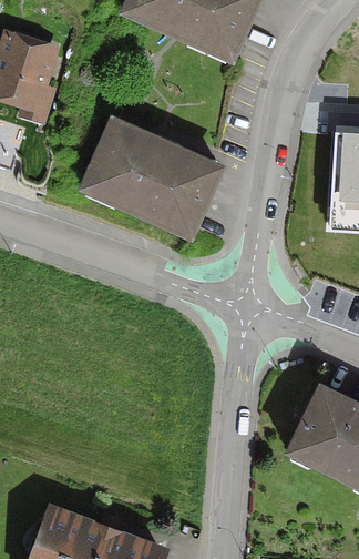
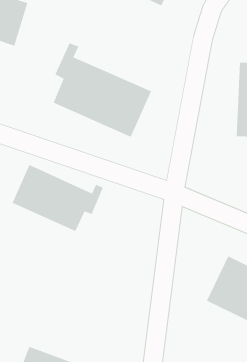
building: none -> [12,164,104,232]

